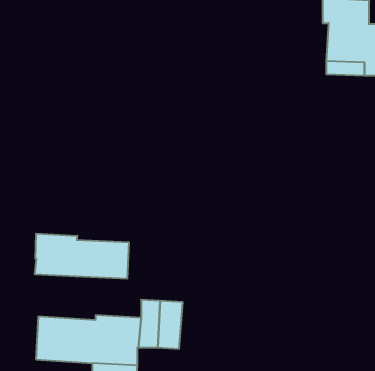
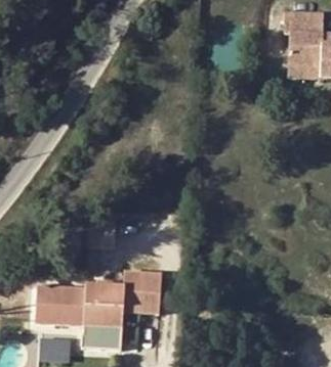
building: [35,234,129,279] -> none

